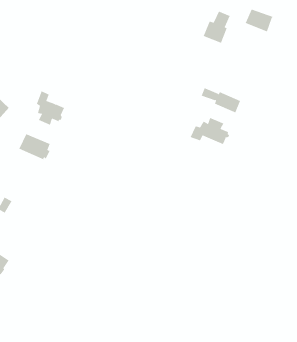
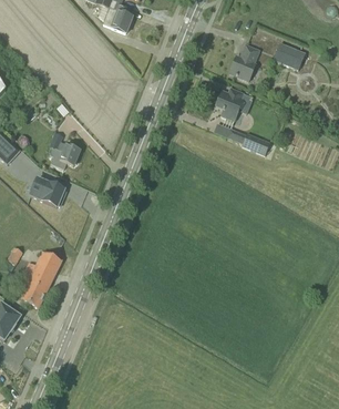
building: none -> [215,85,243,119]
building: [190,117,230,145] -> none
building: none -> [19,249,61,306]

